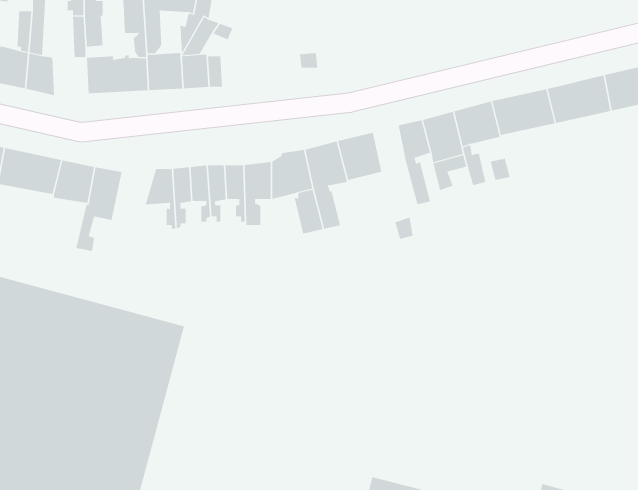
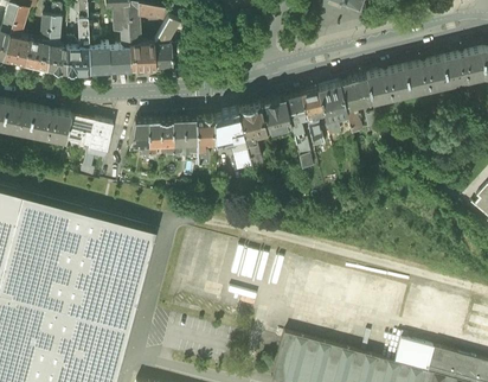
building: none -> [65,46,89,72]
building: none -> [284,93,306,142]

